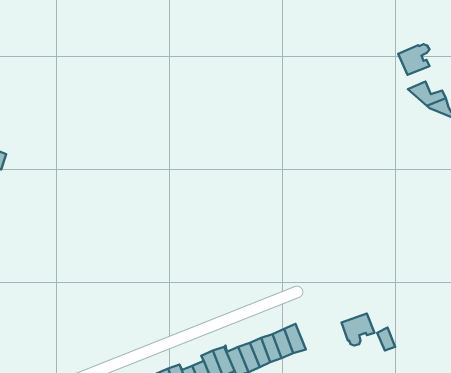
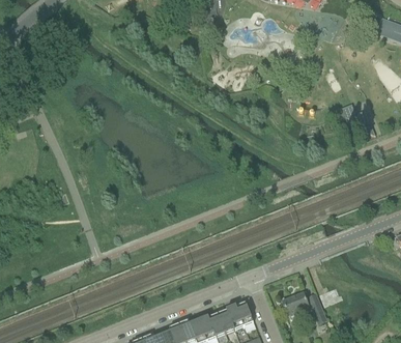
building: [398,44,429,75] -> none

